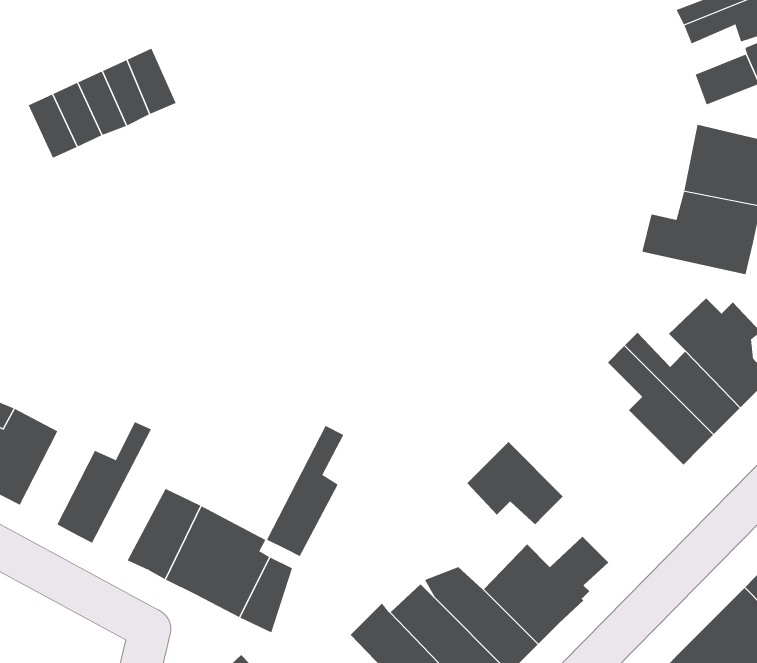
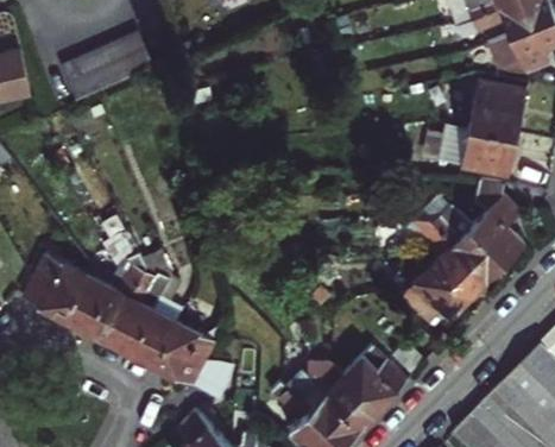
building: [266,425,344,557] -> [102,273,151,355]
building: none -> [57,275,103,333]
building: [466,441,564,525] -> [410,262,471,314]

